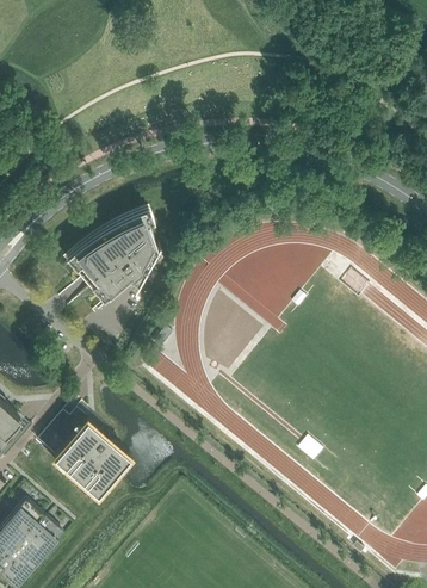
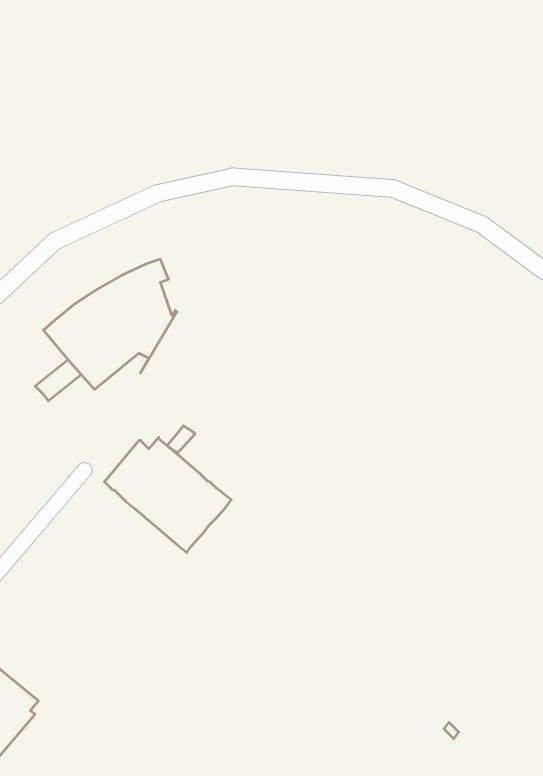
building: [37,409,129,493] -> [104,437,231,553]

